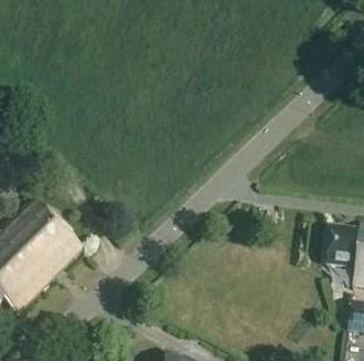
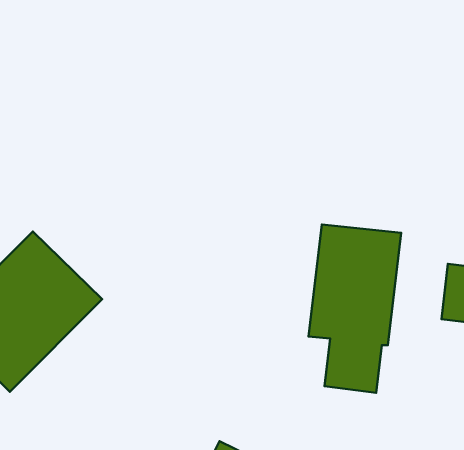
building: none -> [309,224,401,393]

